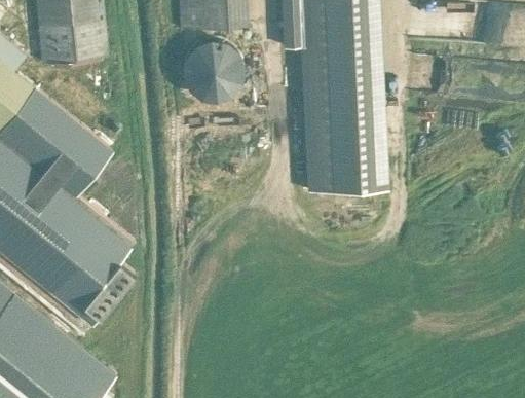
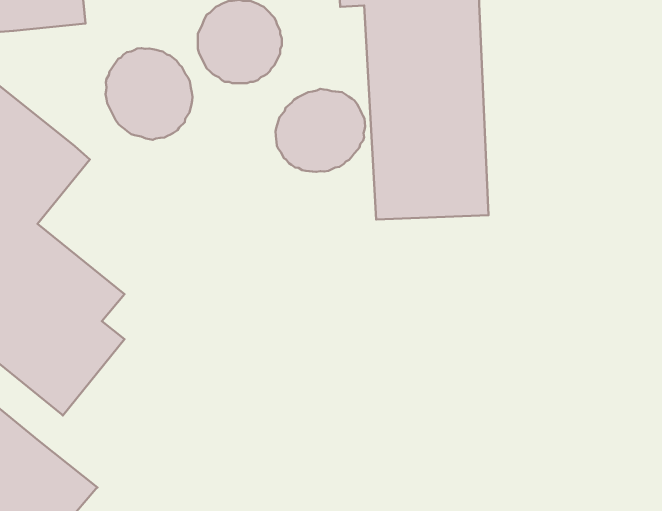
building: none -> [106,48,193,140]
building: none -> [275,89,365,172]

